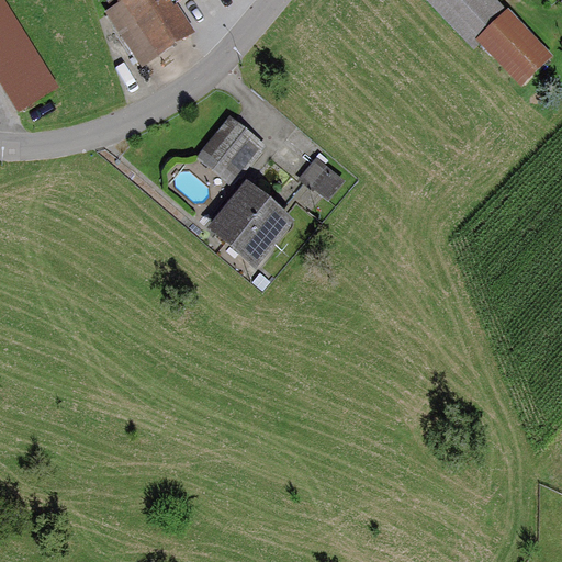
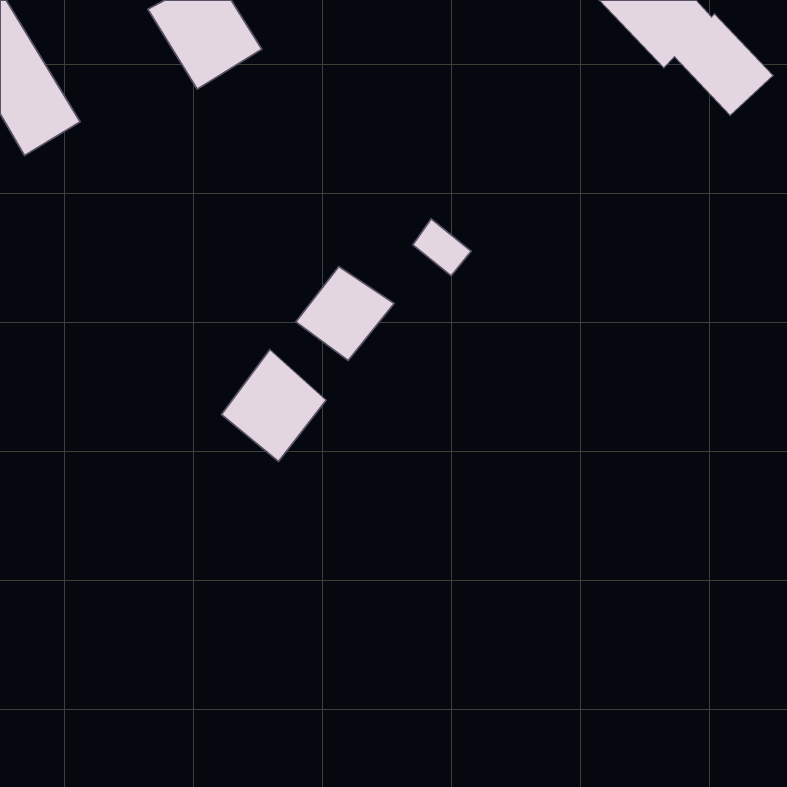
building: [201,126,251,178] -> none
building: none -> [221,350,326,462]

